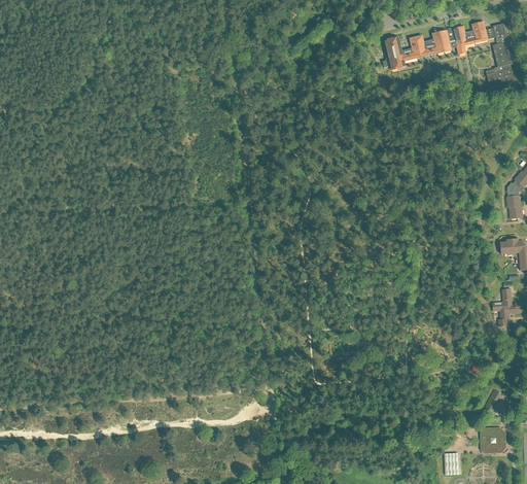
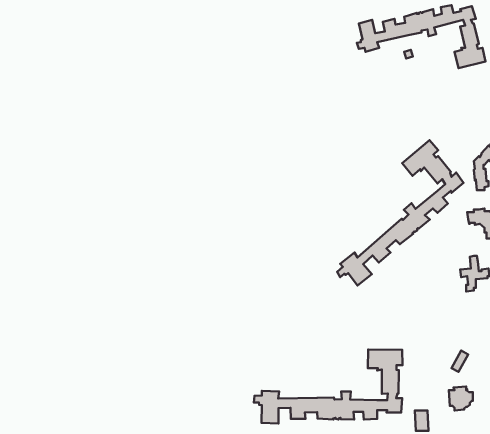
building: none -> [337,140,463,285]
building: none -> [254,349,402,424]

